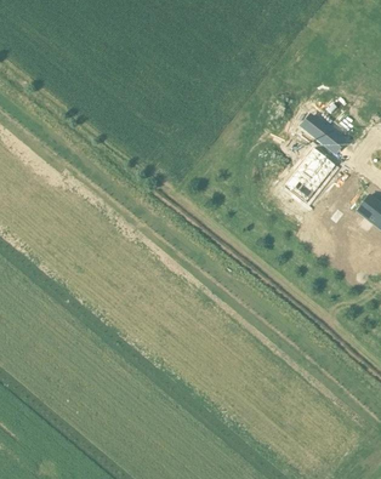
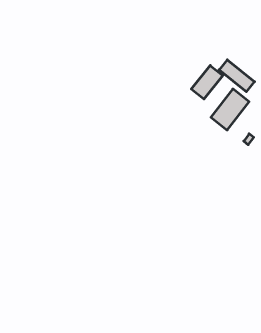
building: none -> [191,65,223,99]

